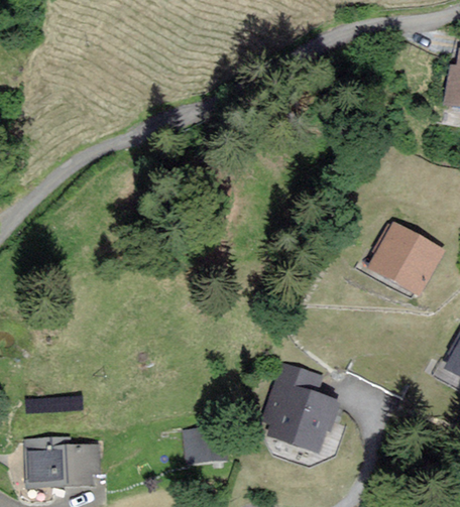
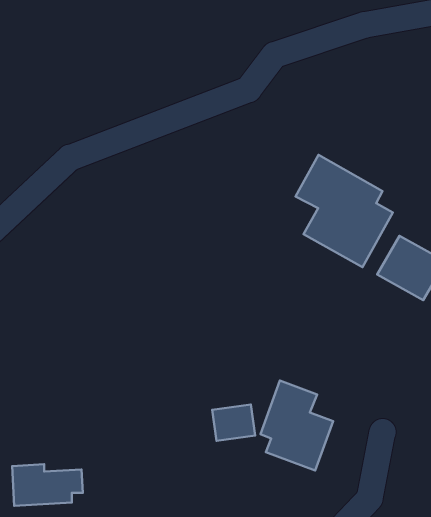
building: none -> [296,155,393,267]
building: [183,428,223,463] -> [212,405,255,441]

